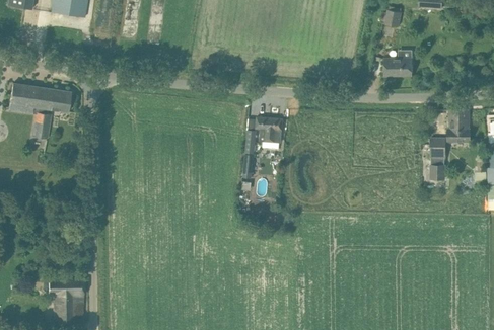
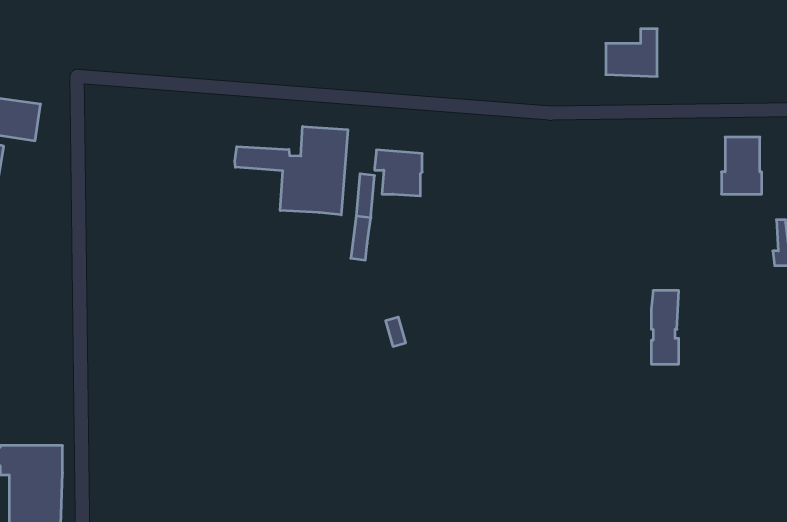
building: none -> [235,126,348,215]
building: [430,138,445,178] -> [651,291,679,364]

